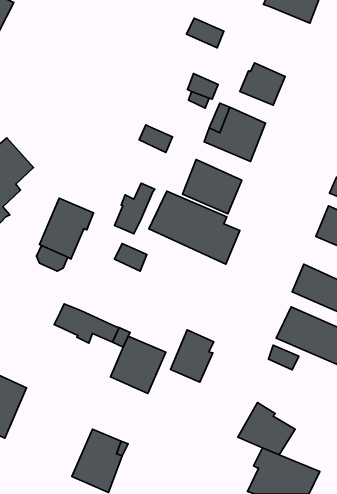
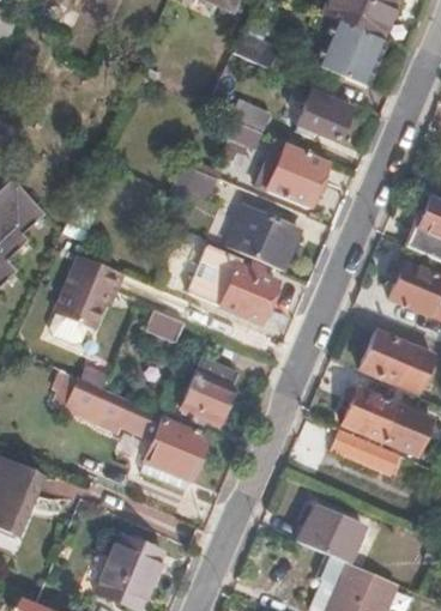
building: none -> [314,19,387,89]
building: [114,183,155,234] -> none
building: [170,330,214,382] -> [182,358,235,422]

